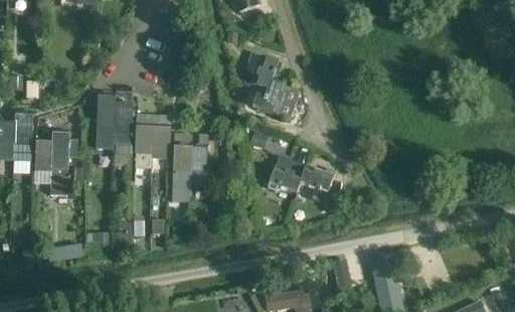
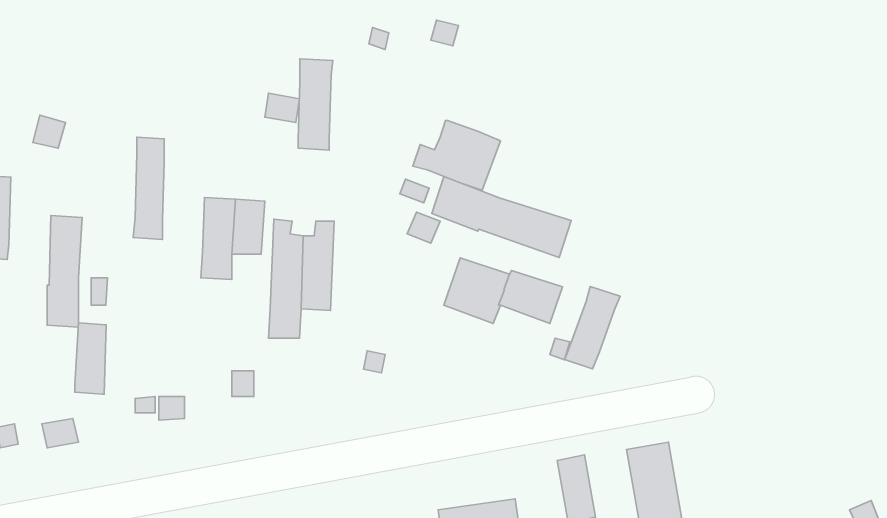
building: [249,56,278,91] -> none
building: [114,92,133,142] -> [298,59,333,150]
building: none -> [432,176,571,258]
building: [35,133,52,172] -> [75,323,106,394]
building: none -> [564,286,620,369]

